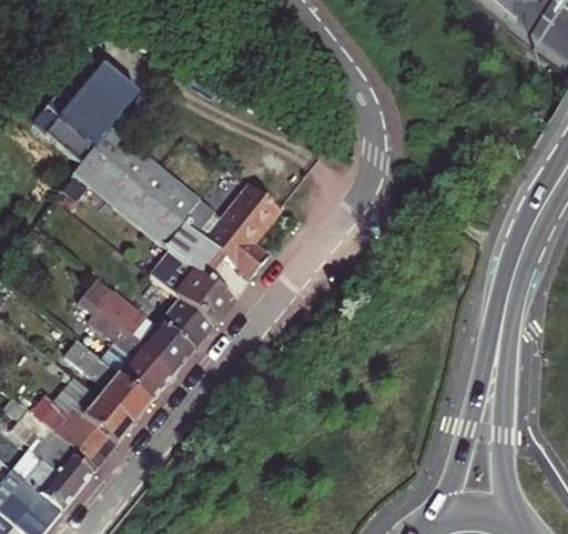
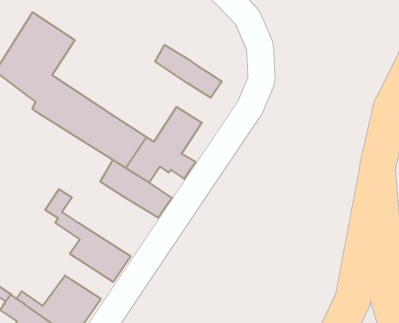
building: none -> [155,45,222,98]
building: [98,288,219,371] -> none
building: [69,340,153,421] -> none

